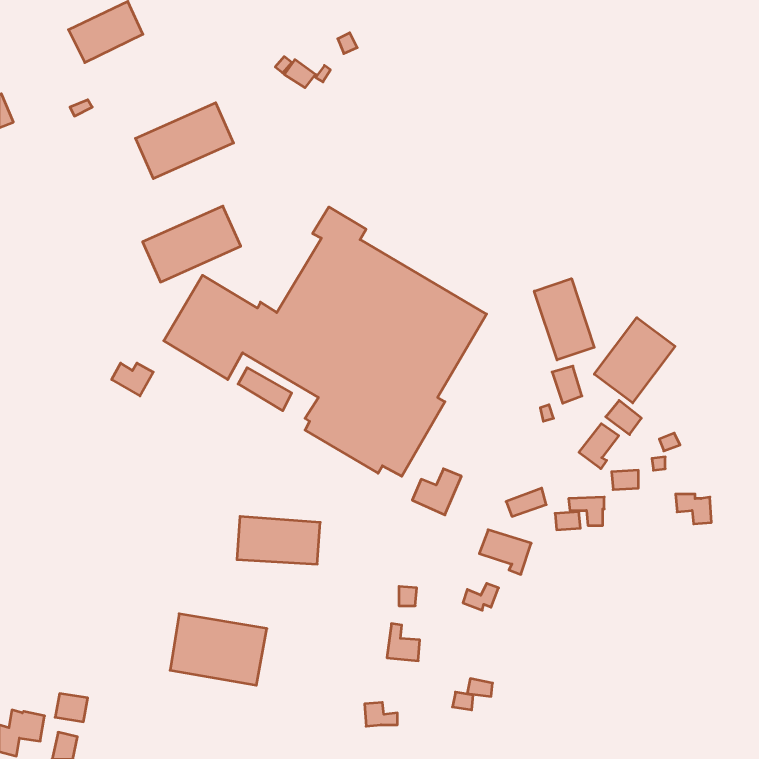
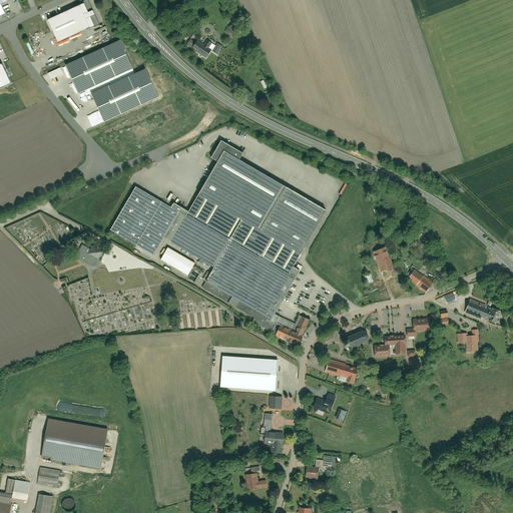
building: [143,206,241,282] -> [66,40,132,91]
building: [534,279,594,360] -> none
building: [594,318,675,403] -> none
building: [579,424,619,469] -> none
building: none -> [464,299,500,322]
building: [237,516,320,564] -> [220,357,277,389]
building: [170,614,267,685] -> [41,419,106,467]

